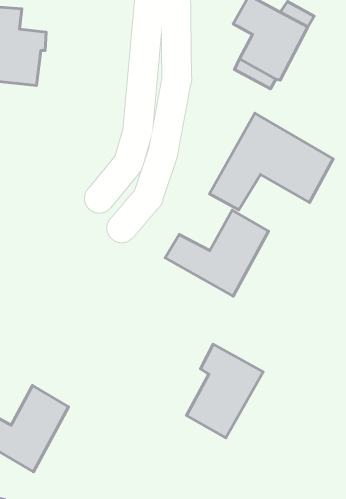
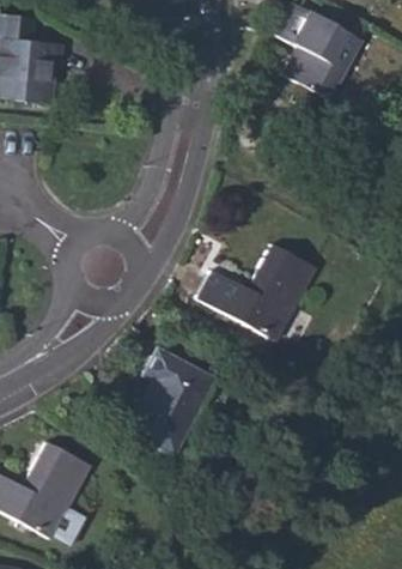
building: [210,113,333,210] -> none
building: [187,344,263,438] -> [128,347,214,453]

